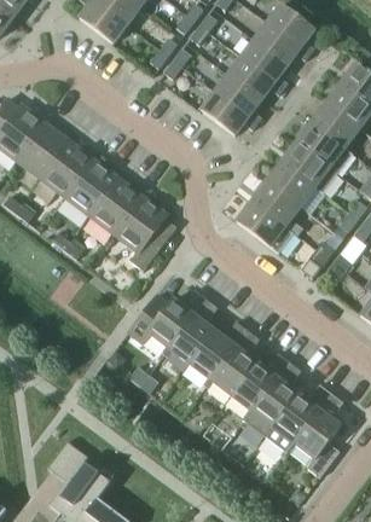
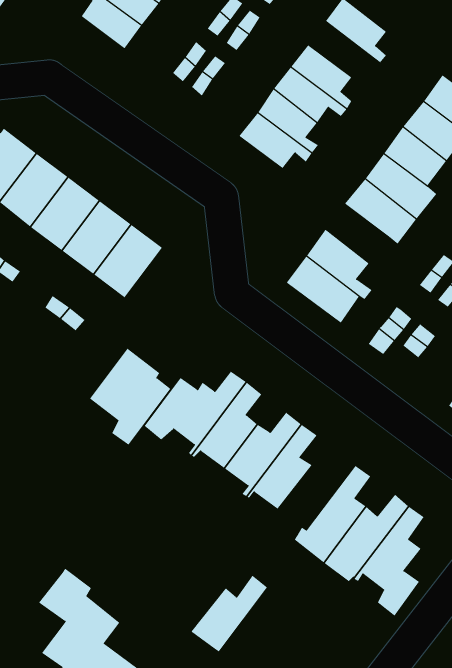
building: [253,21,308,64] -> none
building: [266,161,314,207] -> none
building: [112,195,175,269] -> [89,348,171,446]
building: [230,352,289,411] -> [191,575,268,652]

